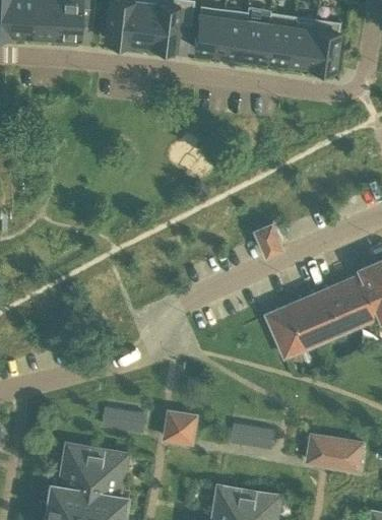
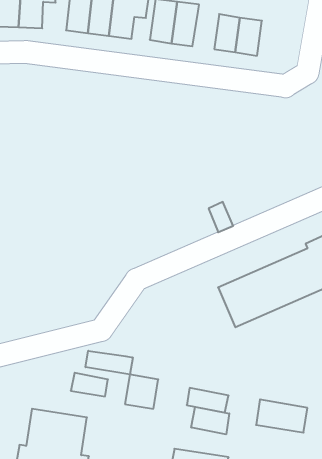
building: [238,18,266,59] -> none
building: [307,28,337,69] -> none
building: none -> [86,351,133,375]
building: none -> [191,407,229,434]

